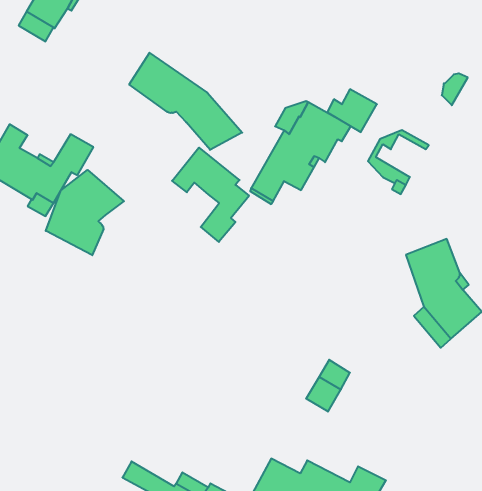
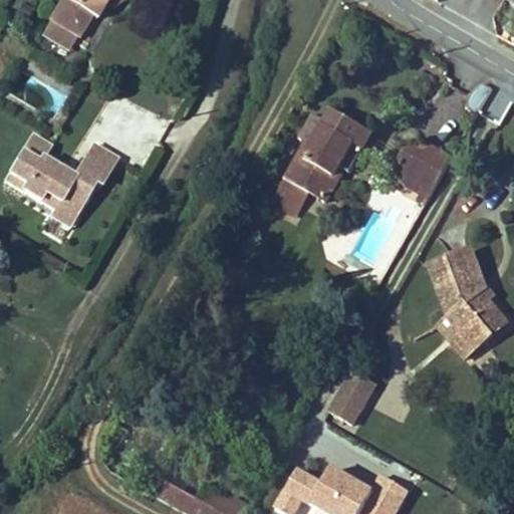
building: [129,53,242,150] -> none
building: [327,89,377,132] -> [402,144,452,187]
building: [172,148,249,242] -> none
building: [46,170,124,255] -> none

